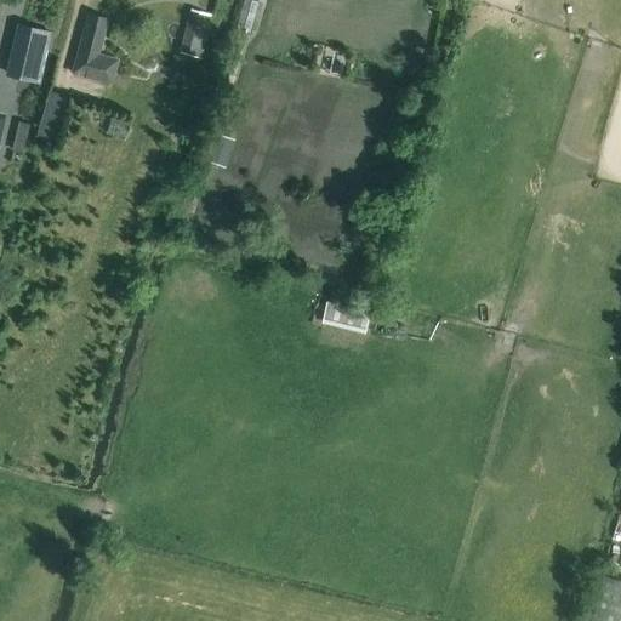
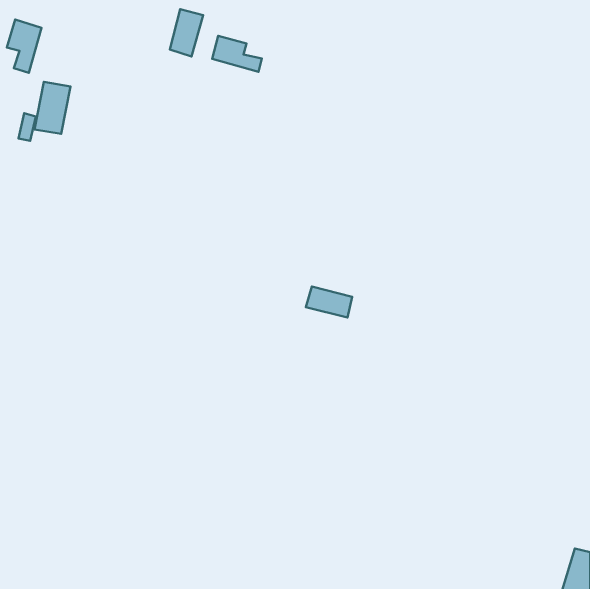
building: [70,15,119,86] -> none
building: none -> [212,36,262,72]

